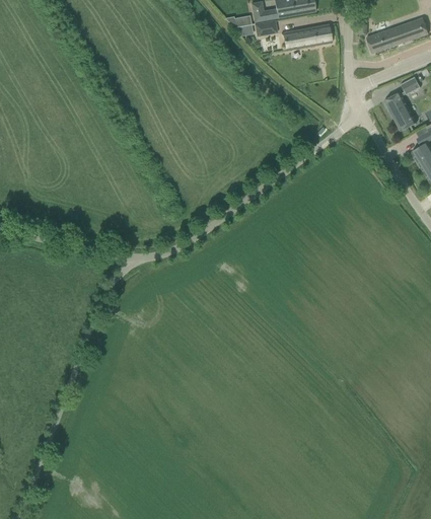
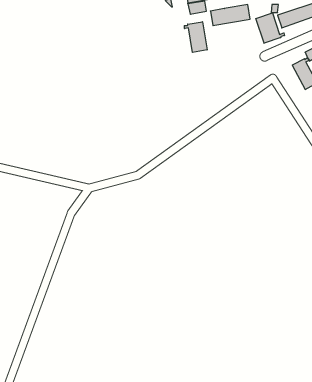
building: none -> [256,13,284,43]
building: none -> [184,22,207,52]

